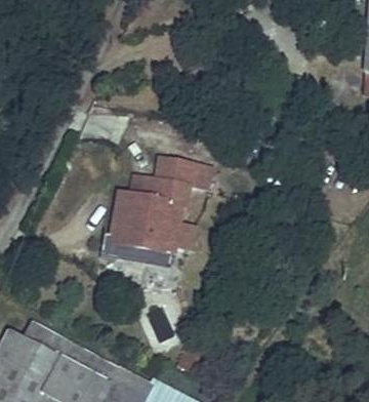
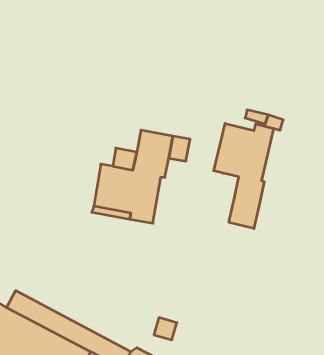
building: none -> [214,123,274,229]

